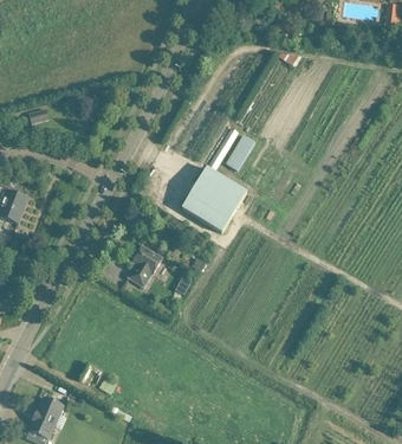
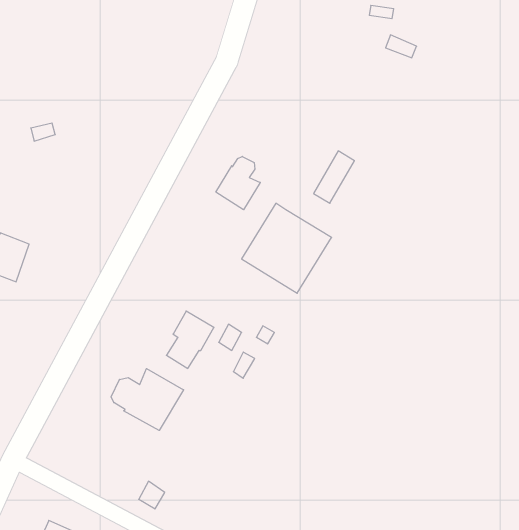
building: none -> [216,156,260,210]
building: none -> [111,369,184,430]

